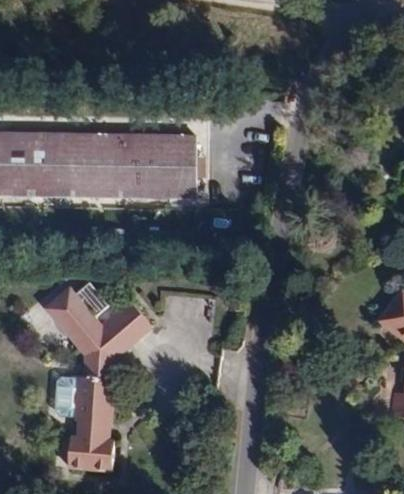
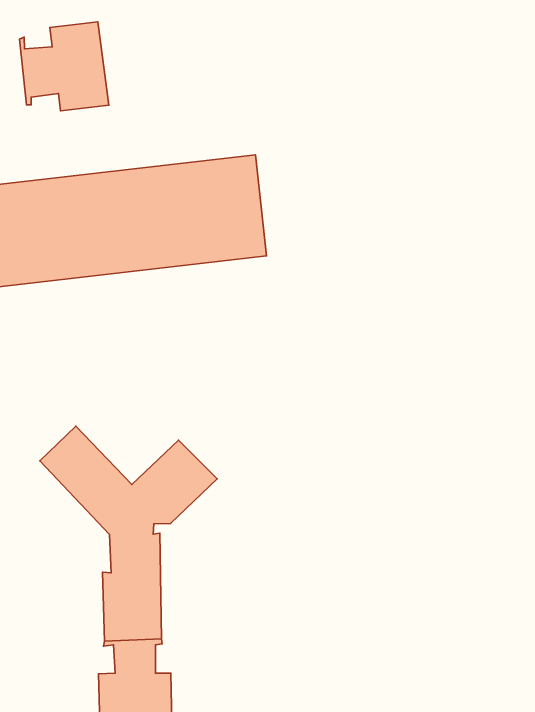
building: none -> [19,22,109,111]

